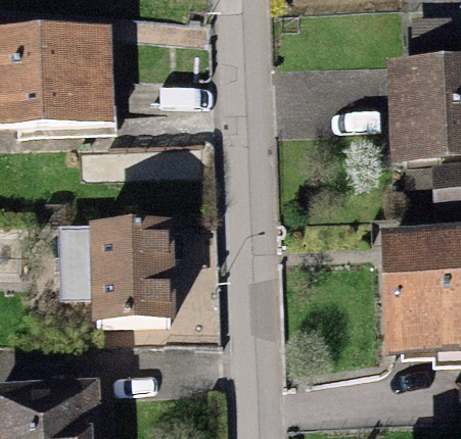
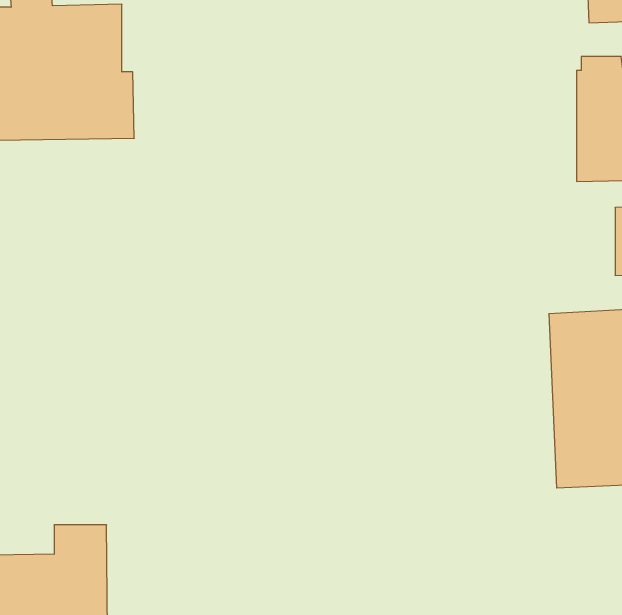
building: [60,221,182,322] -> none

